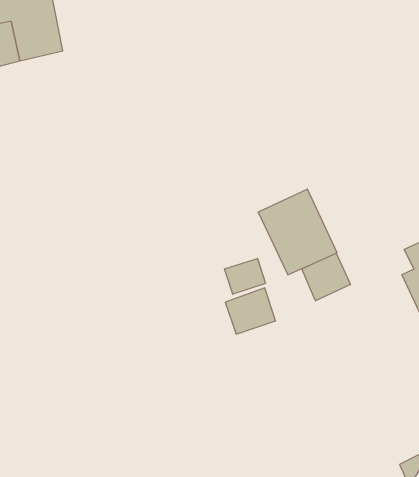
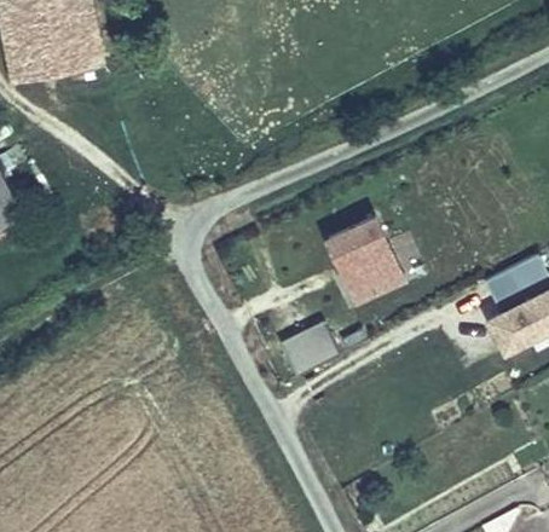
building: [302,253,351,301] -> none
building: [224,258,266,294] -> none

